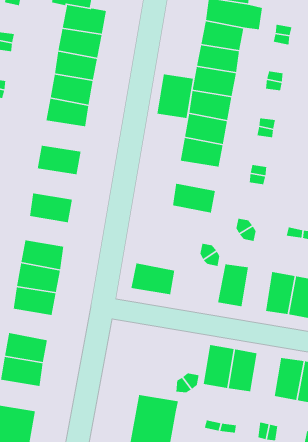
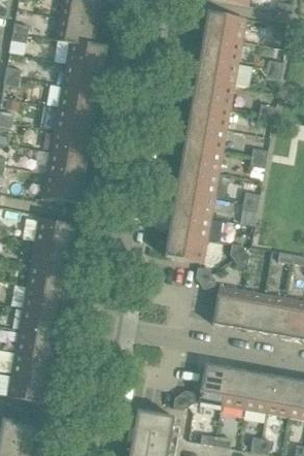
building: [157,74,194,119] -> none
building: none -> [45,151,88,180]
building: none -> [172,189,213,217]
building: none -> [30,241,71,269]
building: [131,262,175,295] -> [164,231,206,262]
building: none -> [235,289,263,331]
building: none -> [14,329,56,358]
building: none -> [243,370,271,412]

